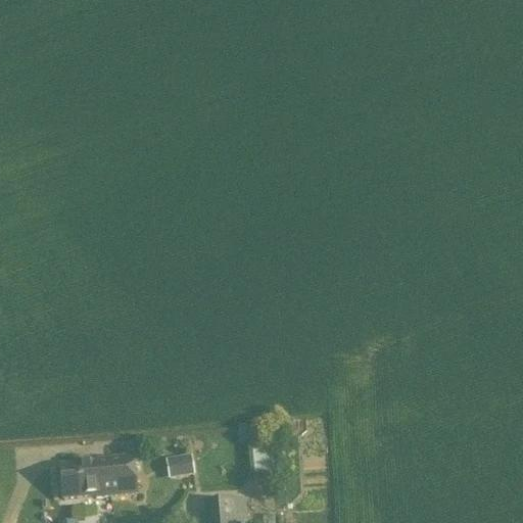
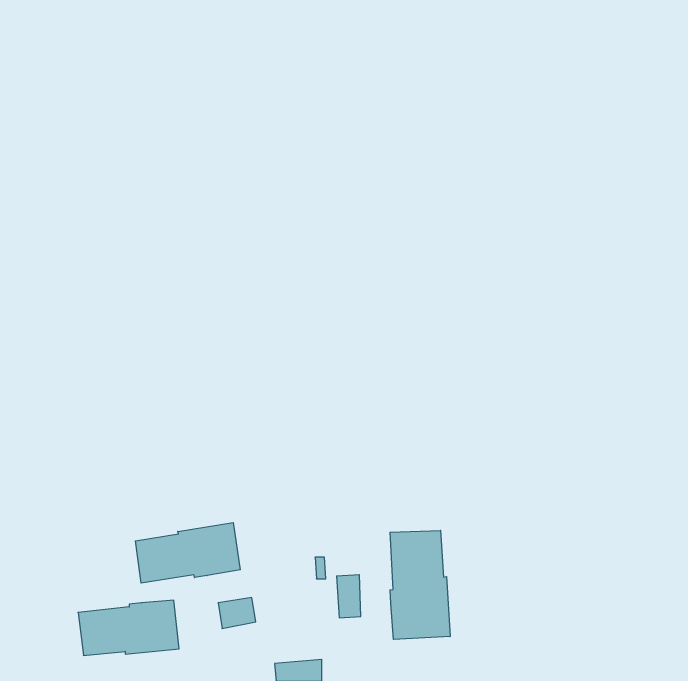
building: none -> [135,523,240,583]
building: none -> [390,530,450,639]

